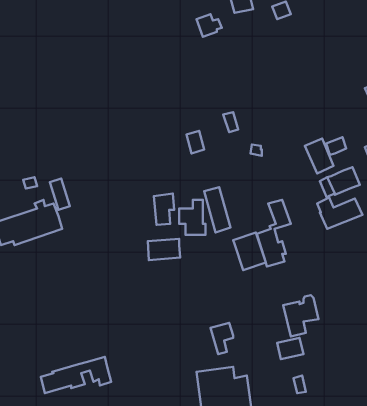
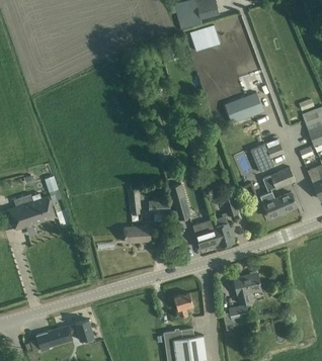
building: none -> [224,92,262,122]

